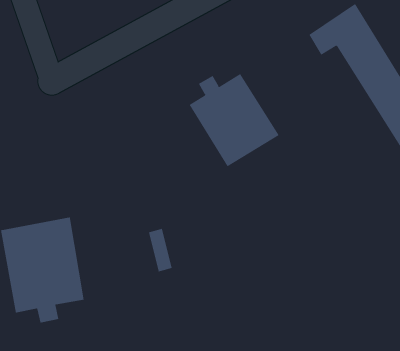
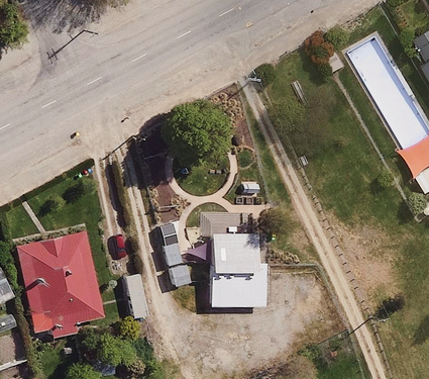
building: [189,73,280,167] -> none
building: none -> [208,233,264,306]

